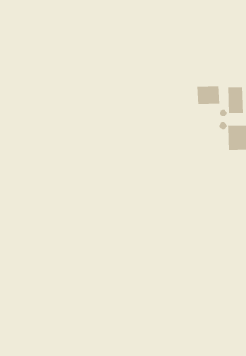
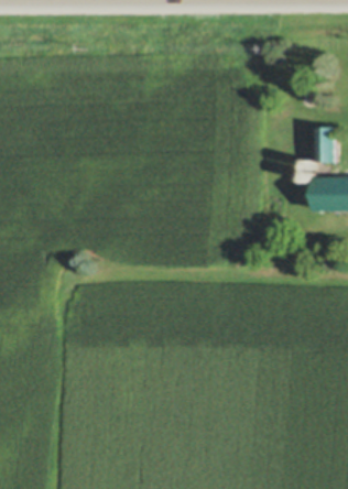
building: [197,85,220,105] -> none

